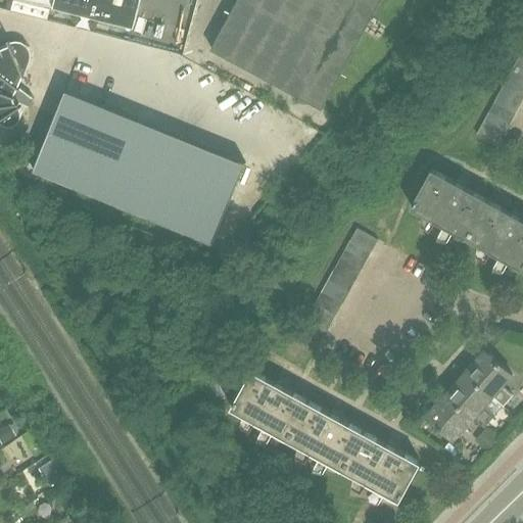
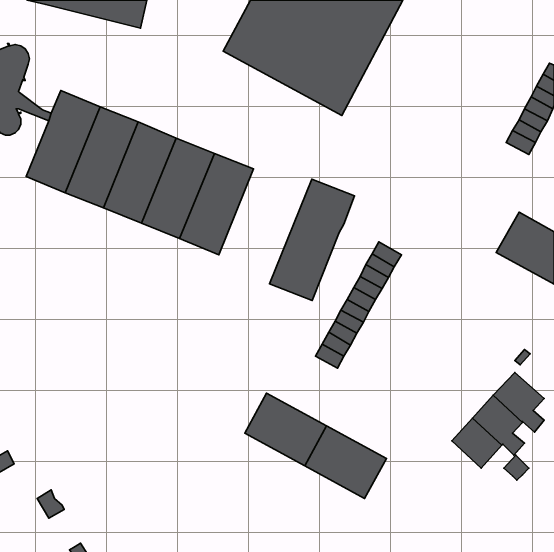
building: [410,172,487,241] -> none
building: none -> [269,179,355,300]
building: [342,434,419,504] -> none

